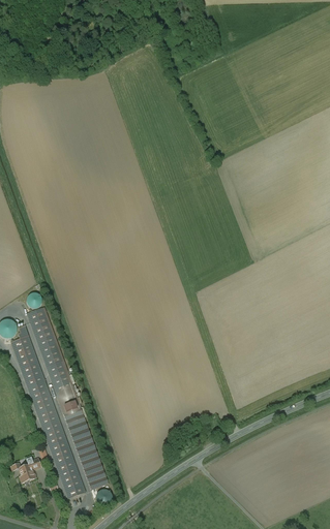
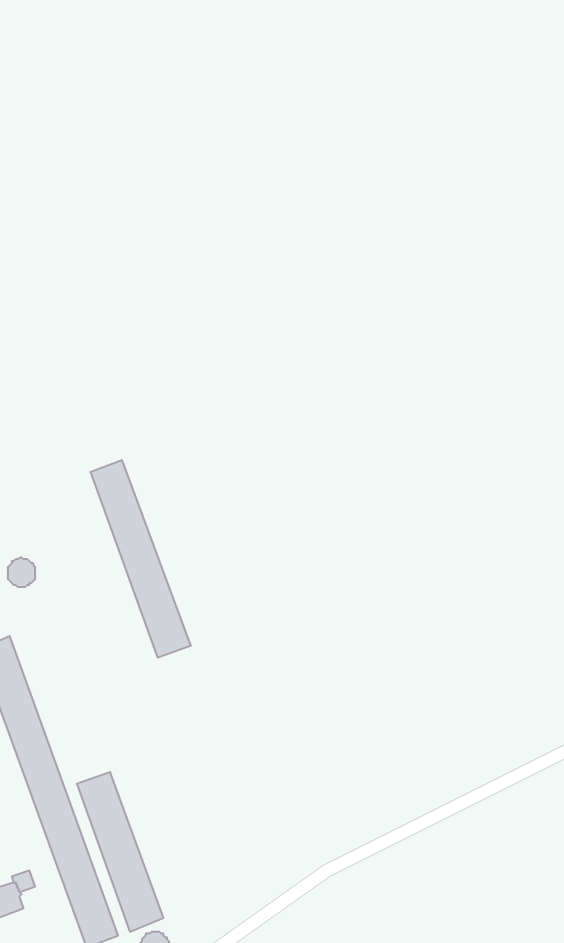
building: [27,309,80,412] -> [90,460,191,657]

